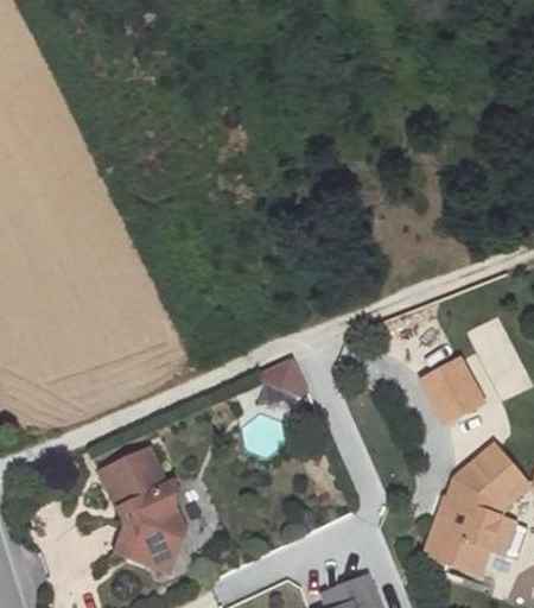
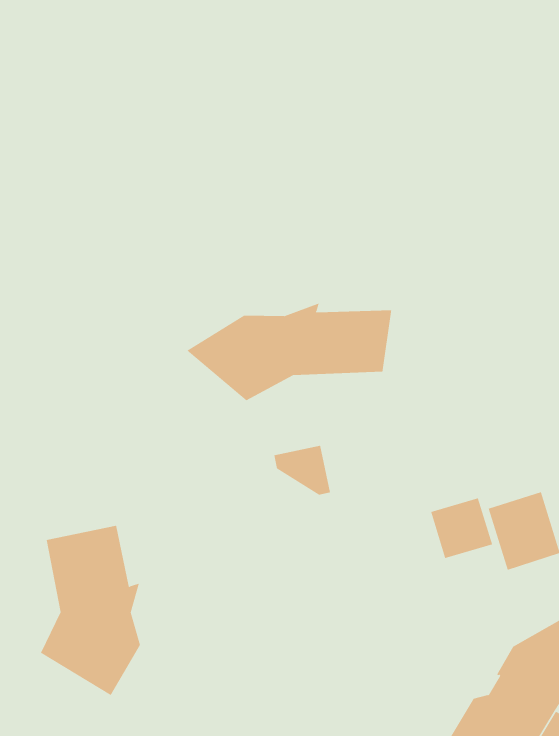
building: none -> [186,302,392,401]
building: none -> [430,497,493,559]

